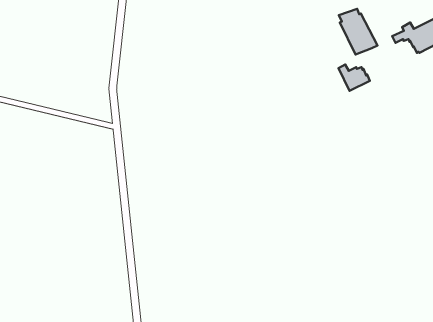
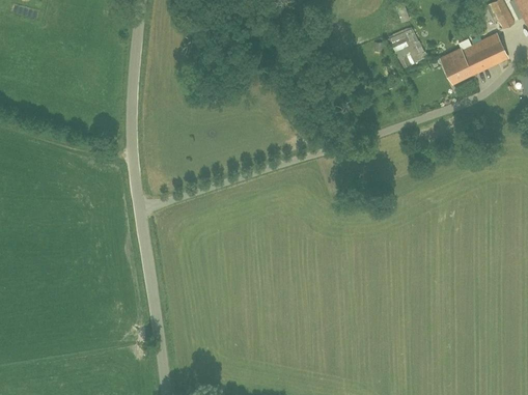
building: [339,64,370,91] -> [441,54,476,84]

